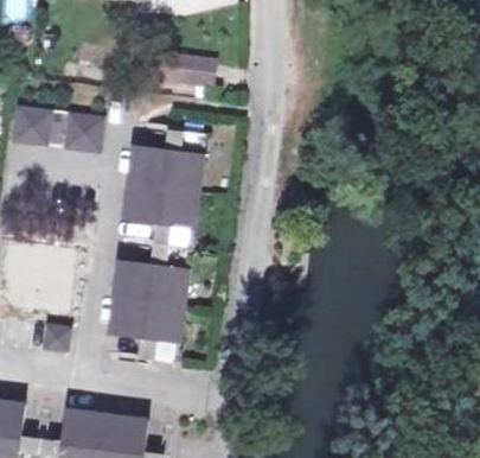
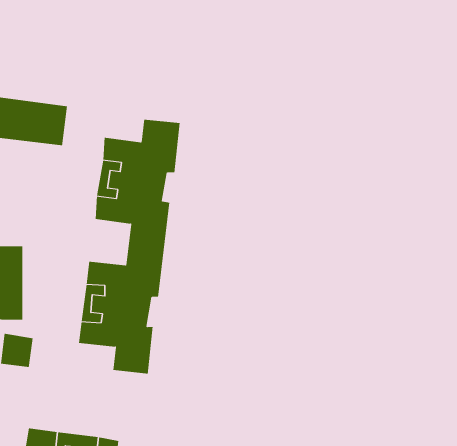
building: [160,47,216,78] -> none

